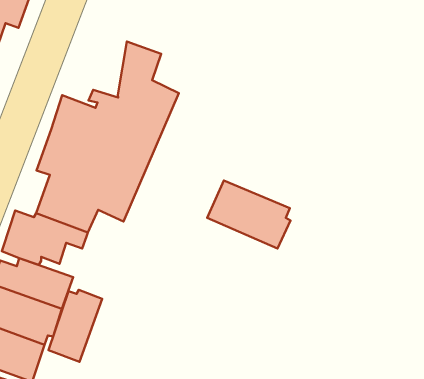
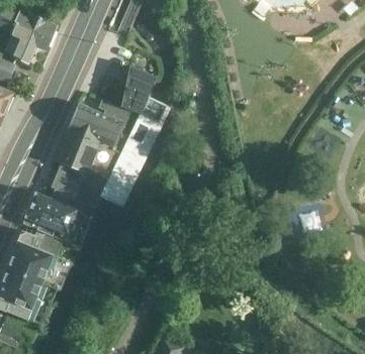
building: [207,181,291,248] -> none
building: [48,290,102,362] -> none

